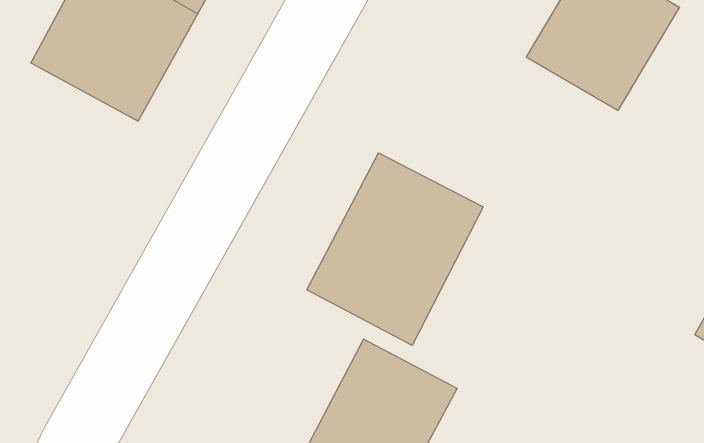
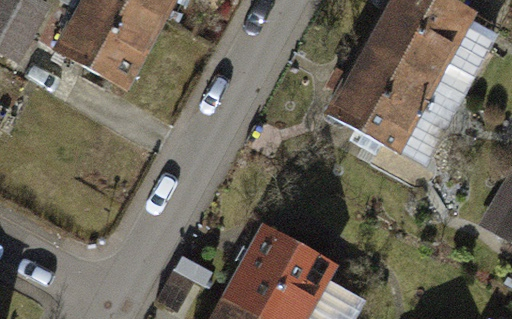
building: none -> [339,46,438,148]
building: [307,153,483,345] -> none

